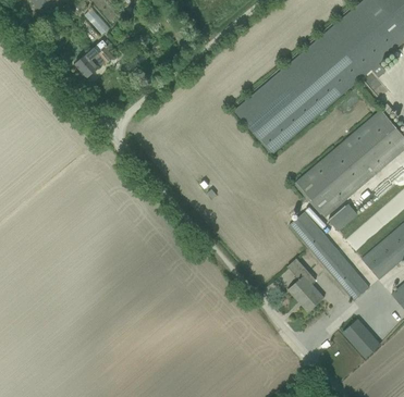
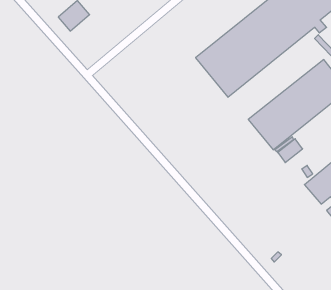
building: [287,209,370,300] -> none
building: [282,272,320,310] -> none
building: [341,317,381,358] -> none

